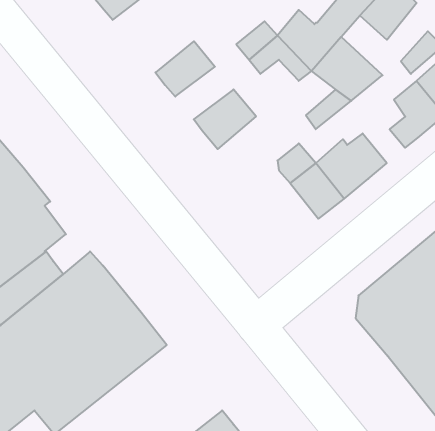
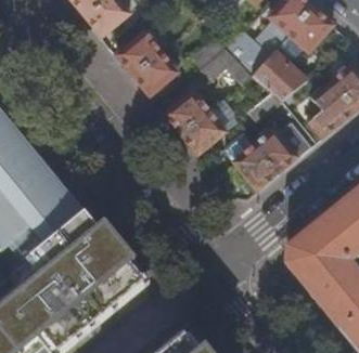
building: none -> [117,30,165,76]
building: none -> [183,109,230,155]

